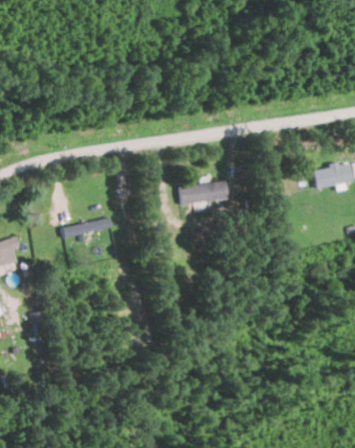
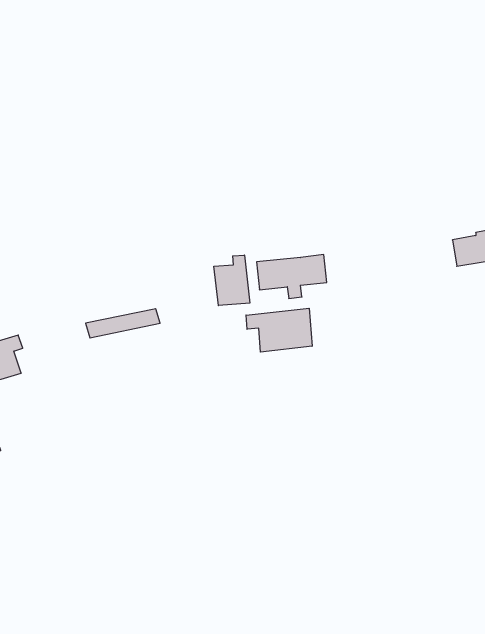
building: none -> [214,255,250,306]
building: none -> [246,308,312,352]

